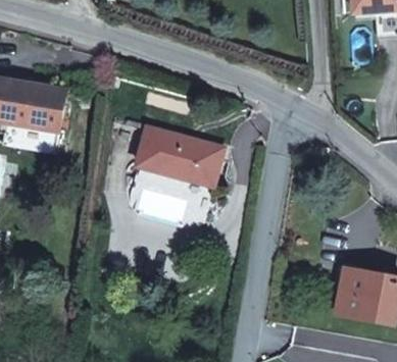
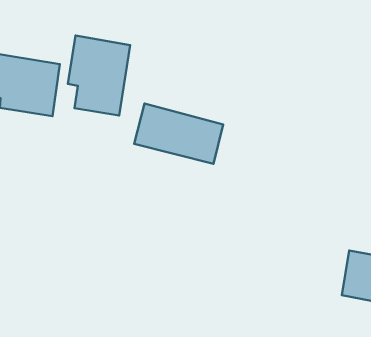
building: none -> [68,36,130,116]

